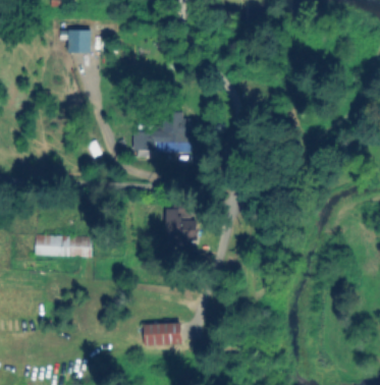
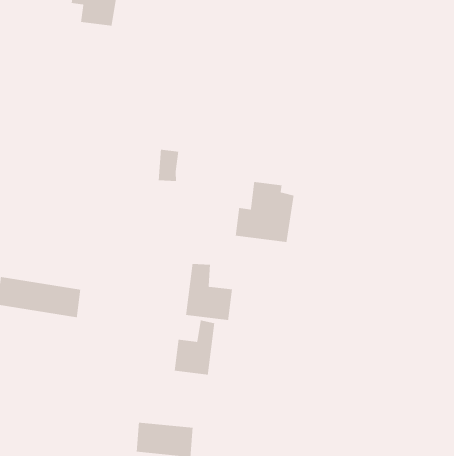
building: [155,112,193,152] -> [235,181,294,243]
building: none -> [174,319,215,375]

